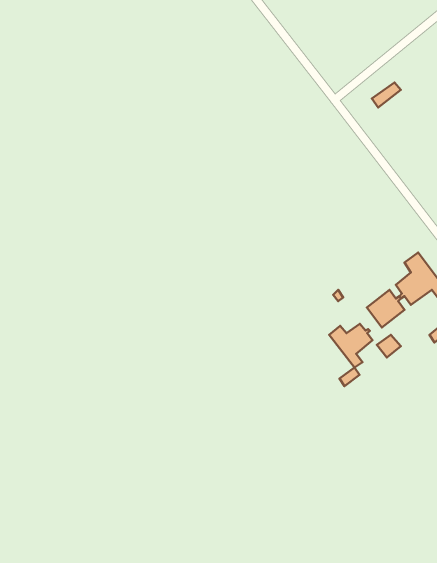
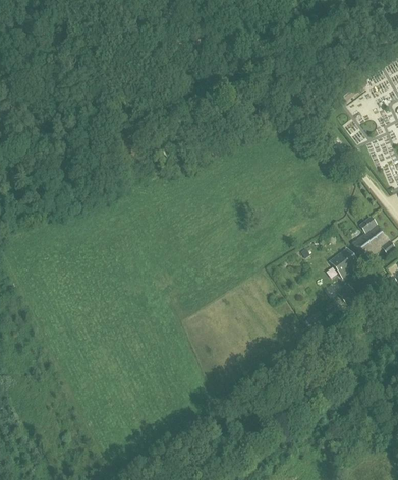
building: [329,324,373,367] -> none

